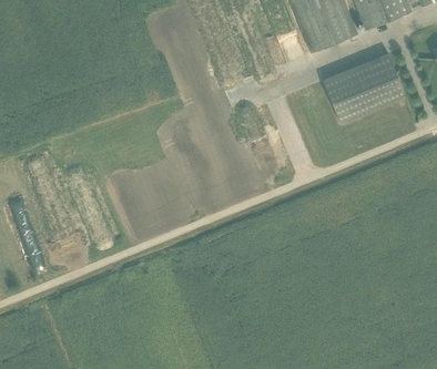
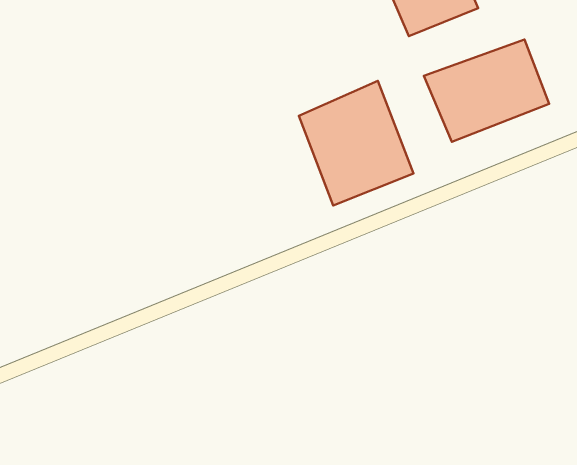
building: none -> [299,81,413,206]

